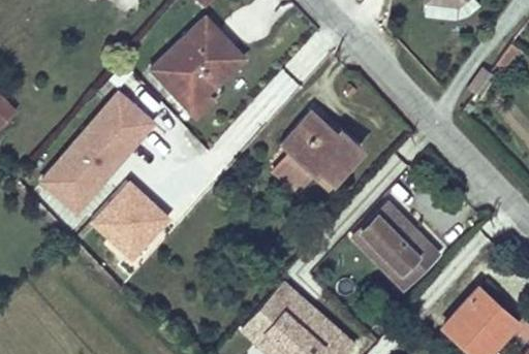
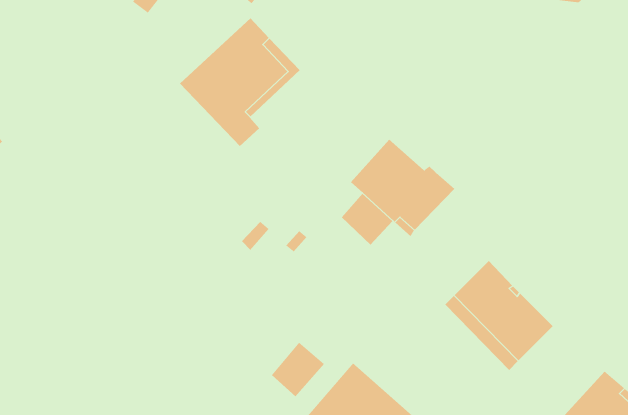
building: [41,93,156,213] -> none
building: [94,183,165,255] -> none
building: none -> [271,342,325,397]

